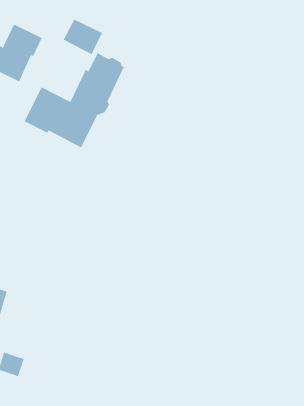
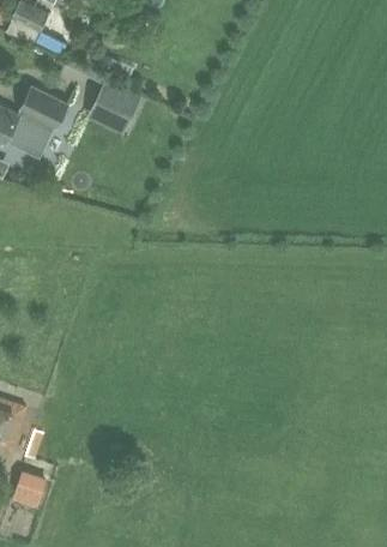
building: [24,52,125,148] -> none

